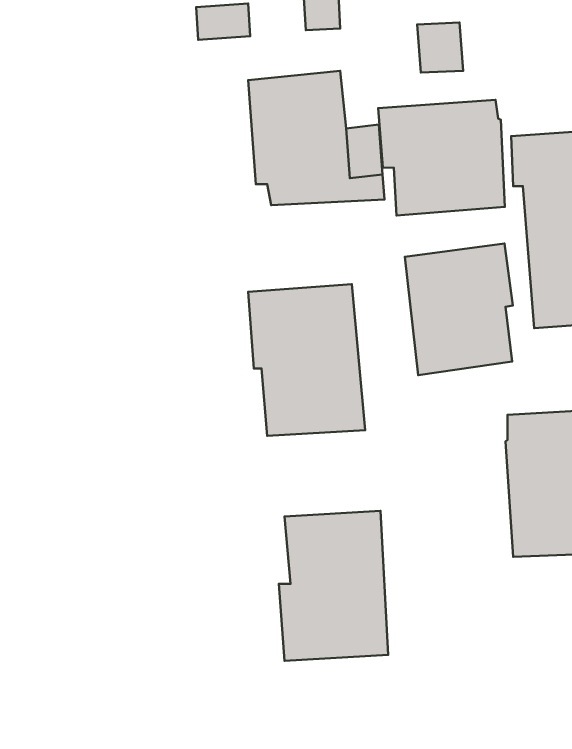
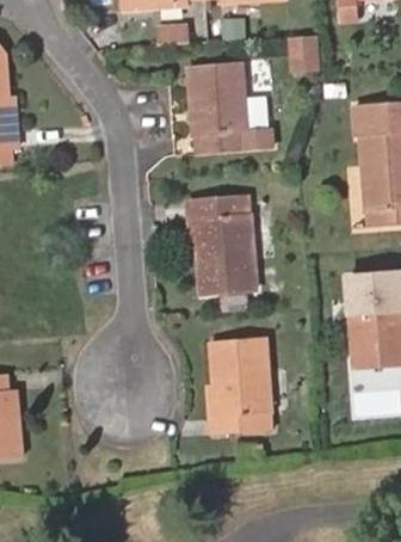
building: [378,100,505,216] -> none
building: [405,243,513,375] -> none

